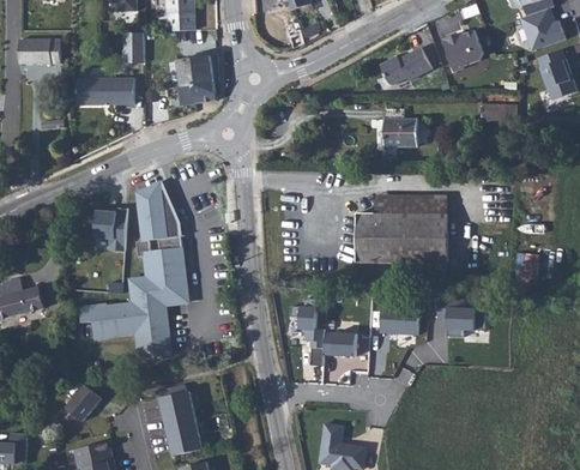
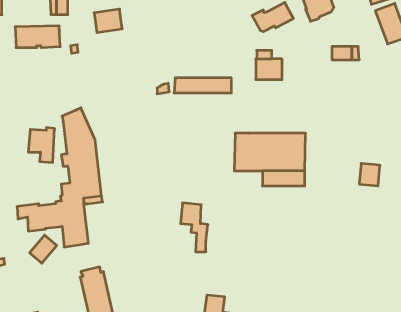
building: [177,80,216,104] -> none
building: [374,194,447,213] -> [174,78,231,93]
building: [443,307,472,337] -> none
building: [376,312,417,335] -> none
building: [320,330,356,355] -> none
building: [66,384,101,420] -> [30,235,57,263]

